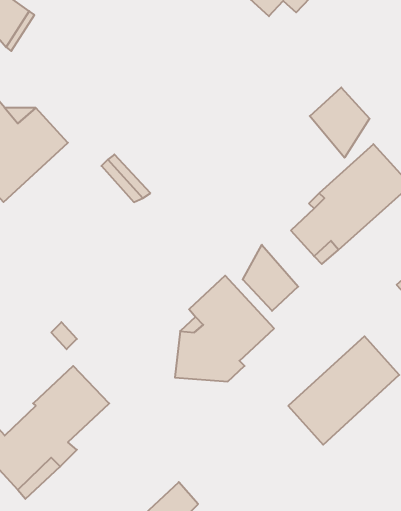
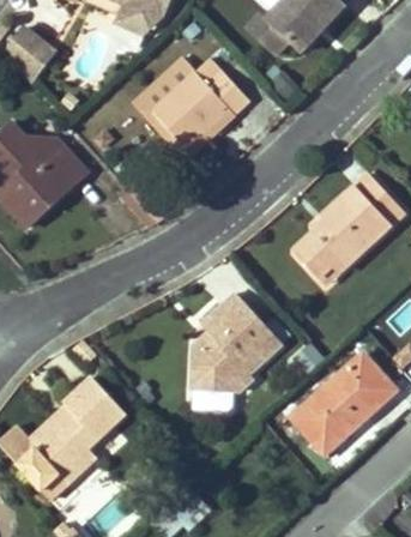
building: none -> [152,54,253,147]
building: [310,87,370,158] -> none
building: [243,245,298,311] -> none

